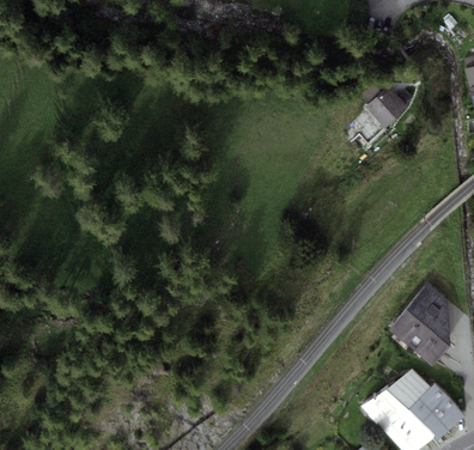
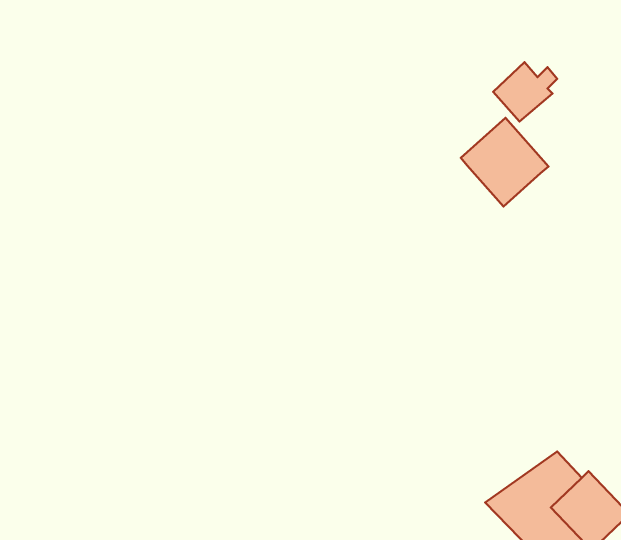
building: none -> [461,118,548,206]
building: [388,284,449,366] -> none

